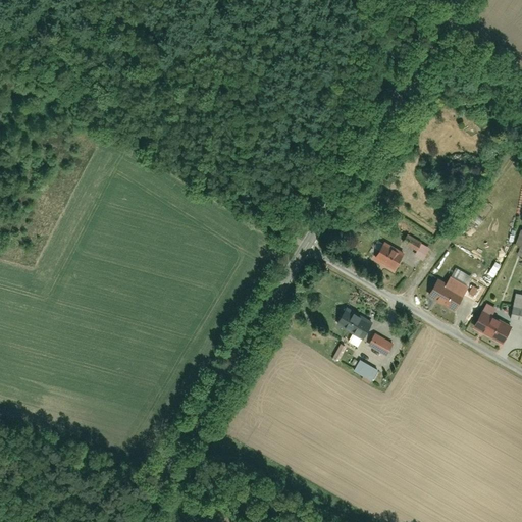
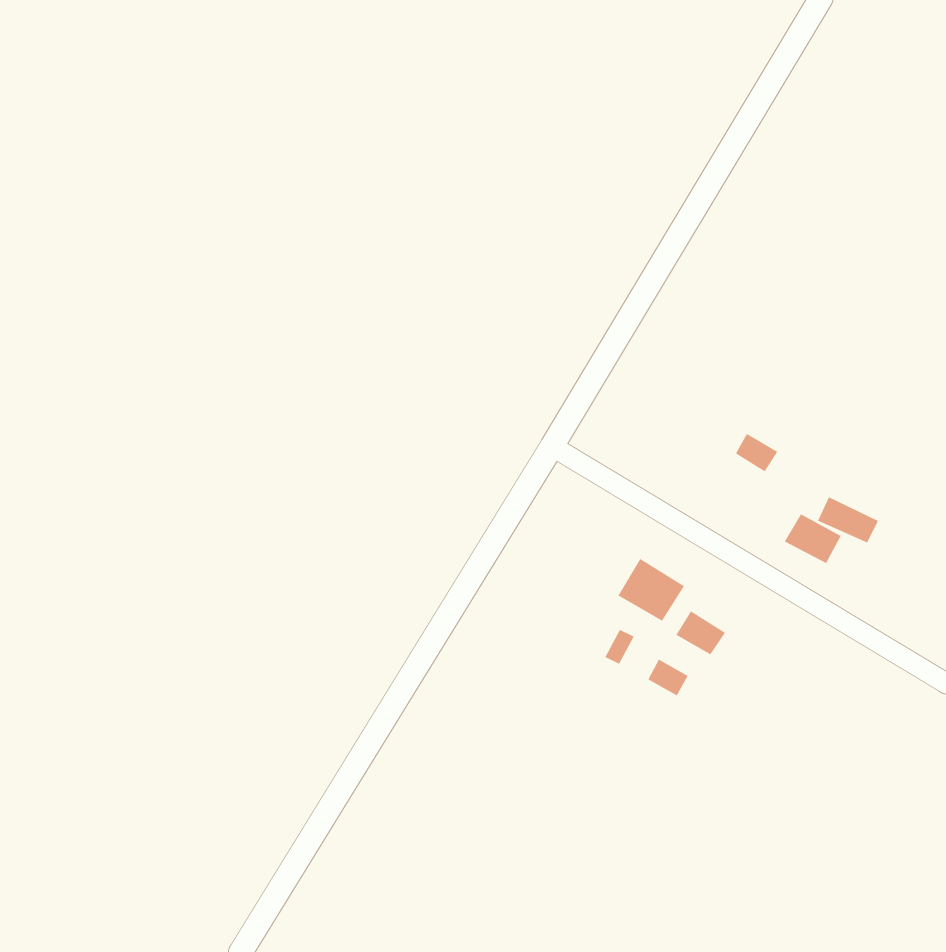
building: [374,243,404,269] -> none
building: [473,312,511,345] -> none

